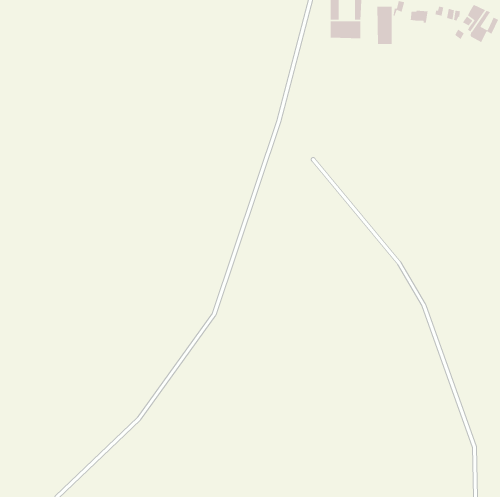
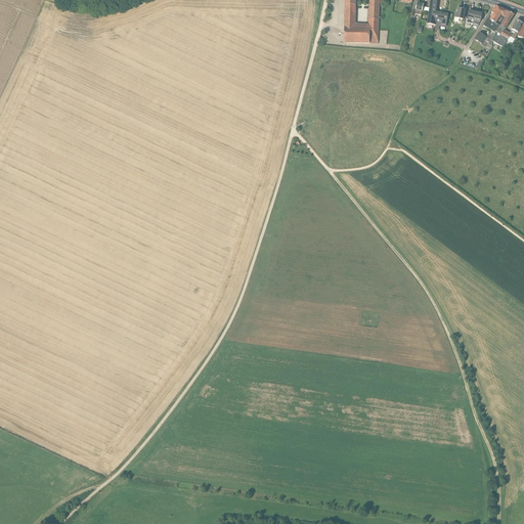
building: [376,6,392,45] -> none

